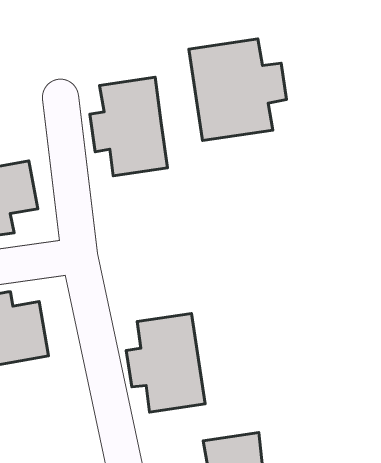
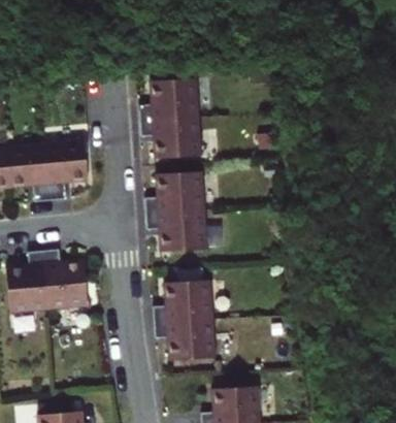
building: [189,39,287,141] -> none
building: none -> [144,171,207,252]

